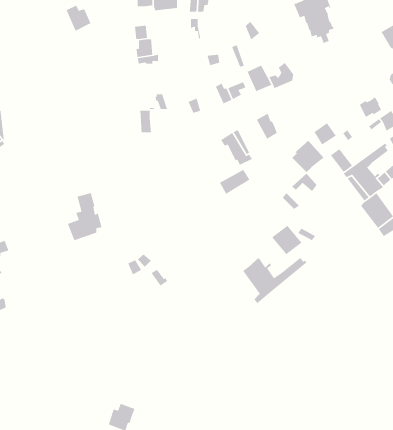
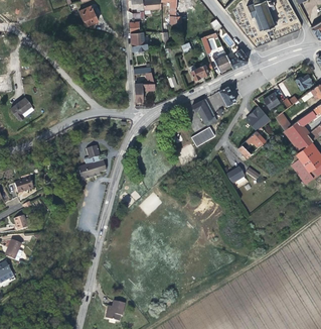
building: [242,257,307,305] -> none

